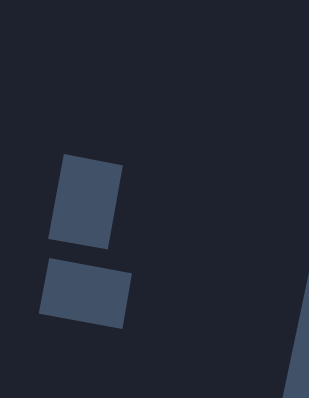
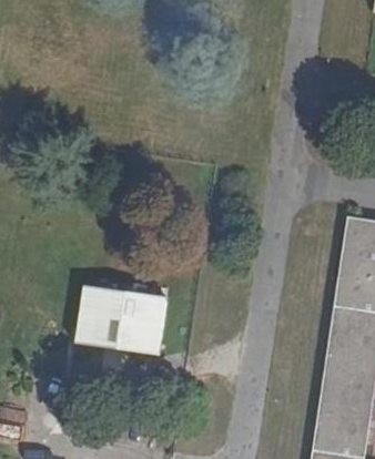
building: [48,153,124,250] -> none

